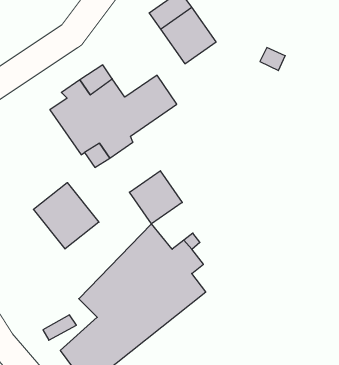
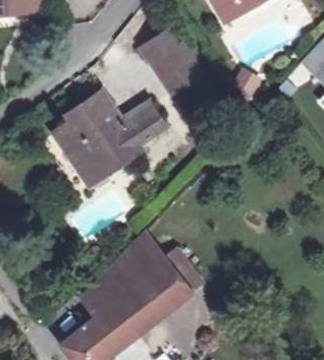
building: [129,171,182,224] -> none
building: [33,183,99,249] -> none

